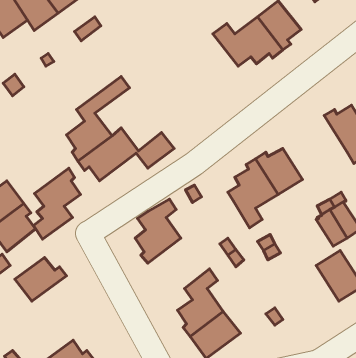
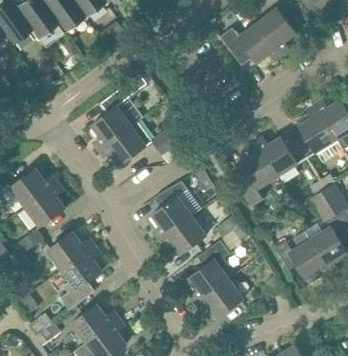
building: none -> [296,108,336,153]
building: [33,168,80,239] -> [60,248,101,310]
building: none -> [162,215,206,254]
building: none -> [274,231,329,283]

